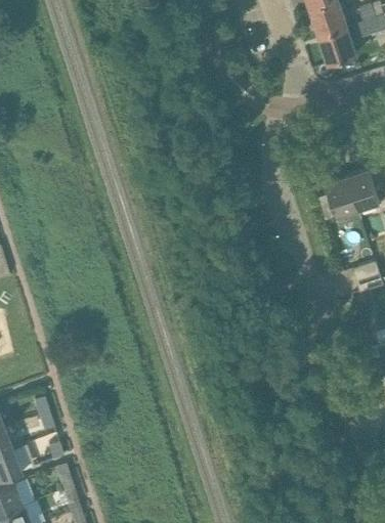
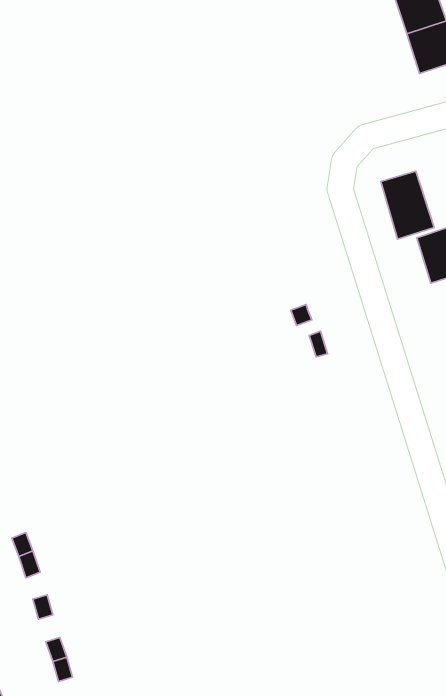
building: none -> [381,171,434,239]

